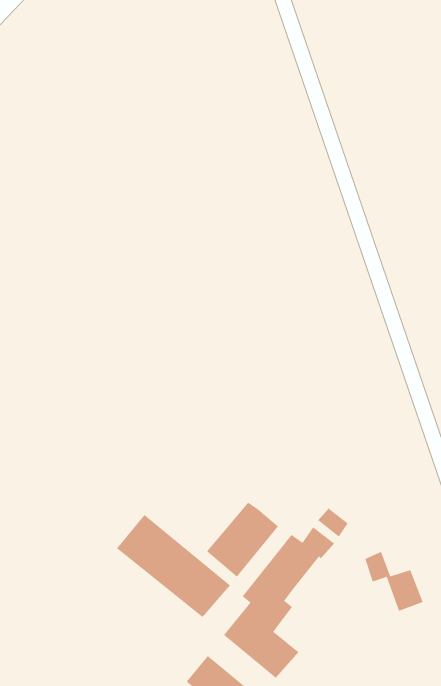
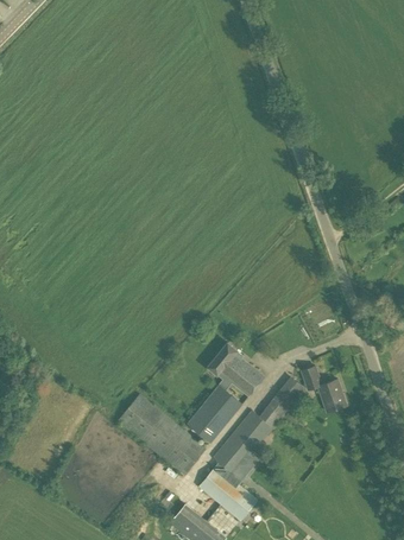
building: none -> [208,344,263,396]
building: [364,551,423,611] -> [301,367,346,413]

